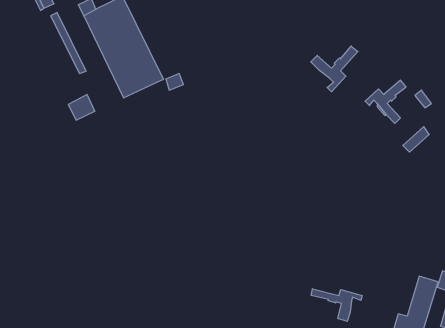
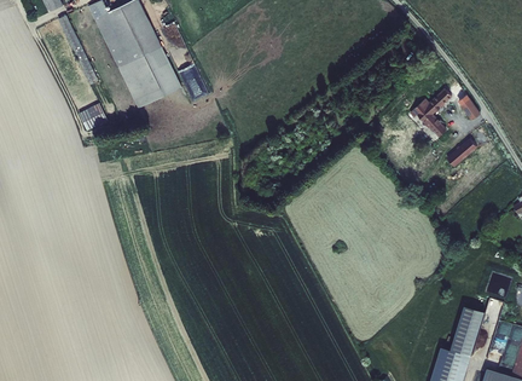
building: [311,46,358,92] -> none
building: [311,289,362,321] -> none

